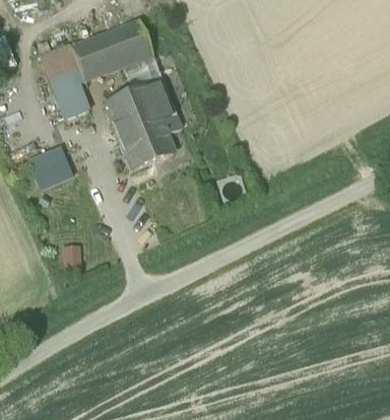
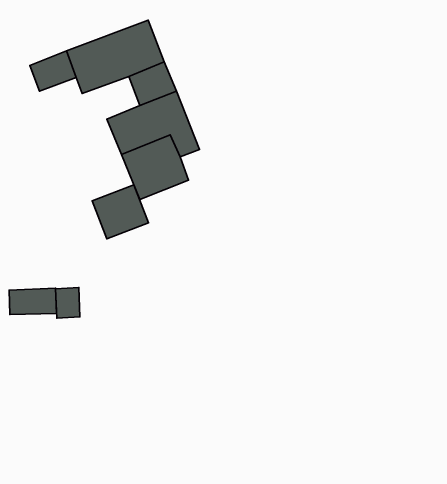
building: [49,68,88,119] -> none
building: [28,144,75,189] -> [92,185,148,239]
building: none -> [9,288,56,314]

